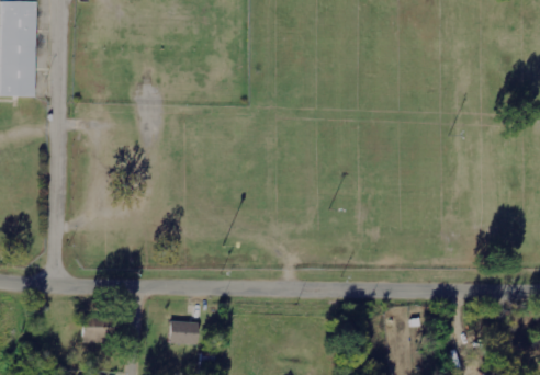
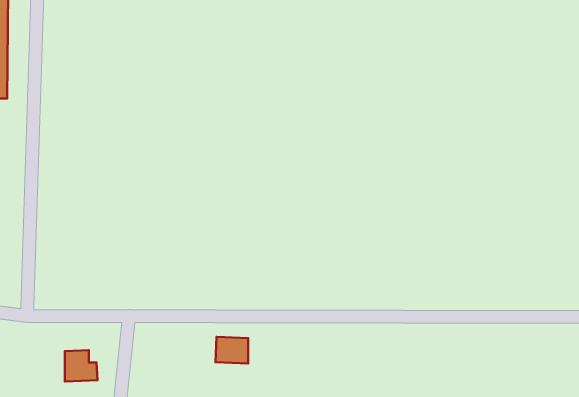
building: [170,320,199,343] -> [215,337,248,363]

